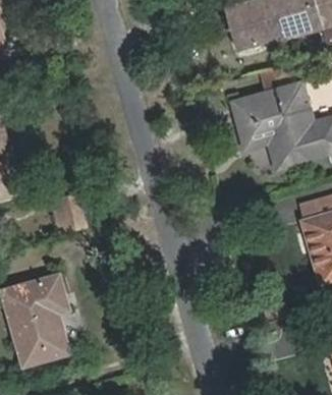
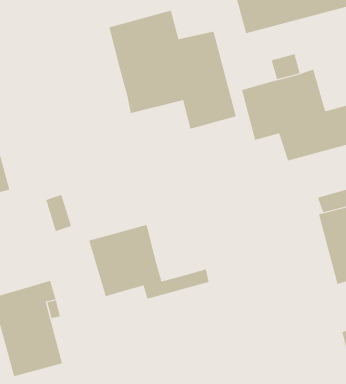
building: none -> [109,10,237,129]
building: none -> [89,224,209,299]

